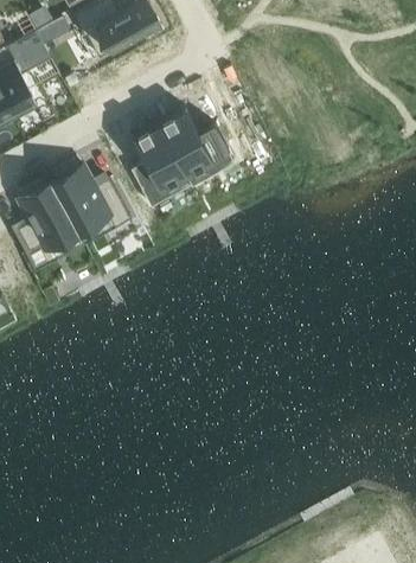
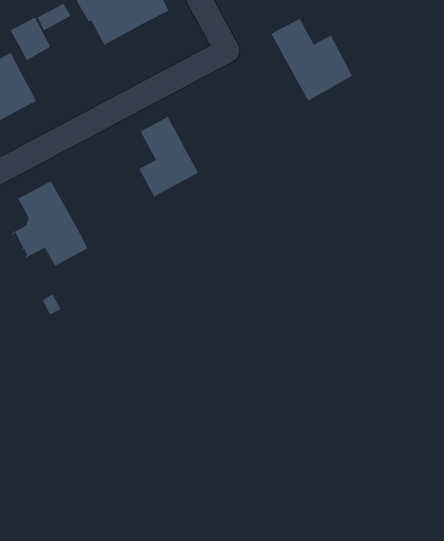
building: [156,108,232,185] -> [271,18,353,102]
building: [49,166,130,244] -> none

